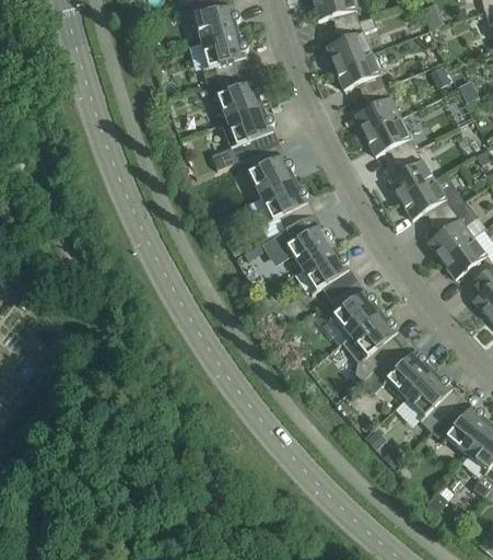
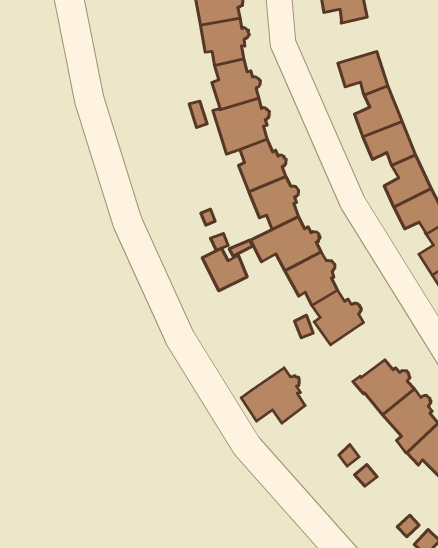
building: [326,16,374,68] -> none
building: none -> [202,248,247,291]
building: [341,312,402,364] -> [241,368,305,423]

